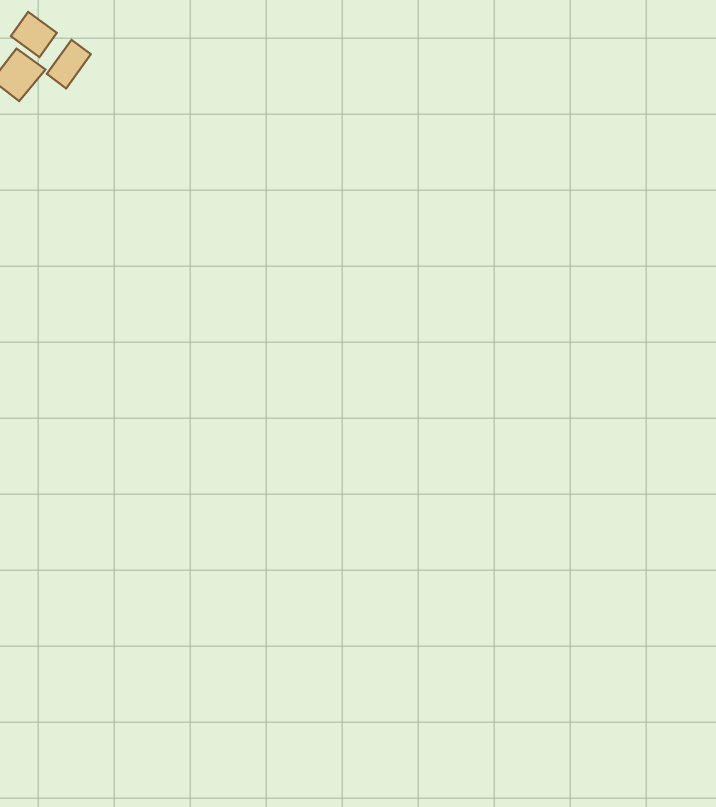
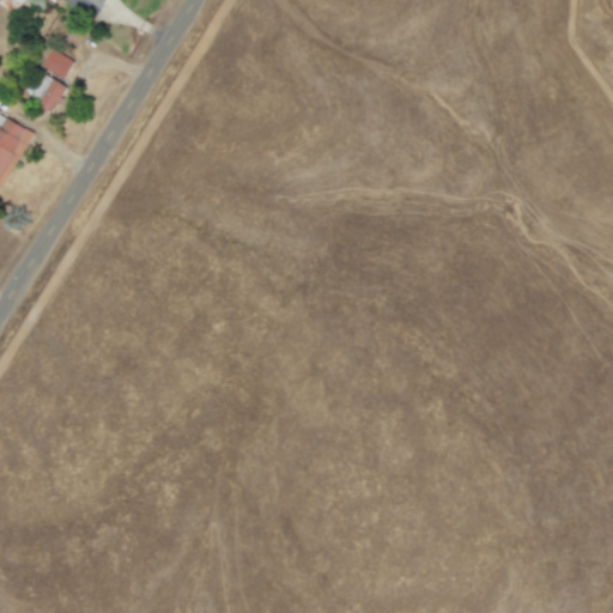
building: [47,40,91,88] -> none

